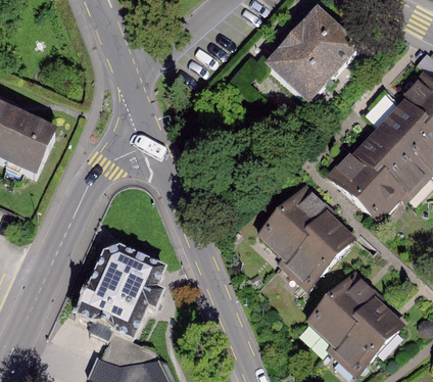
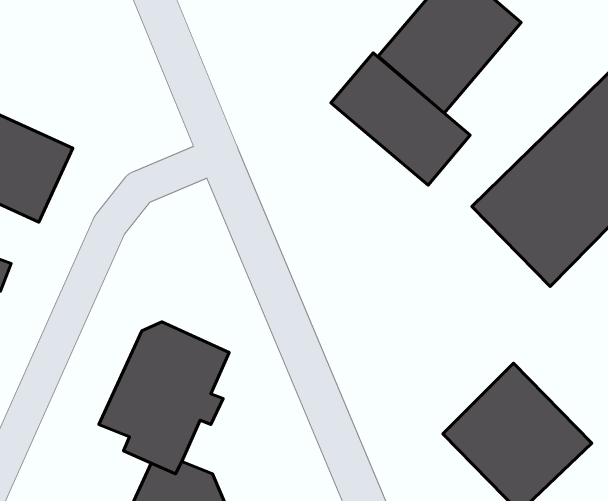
building: none -> [331,53,470,185]
building: [258,187,355,283] -> none

